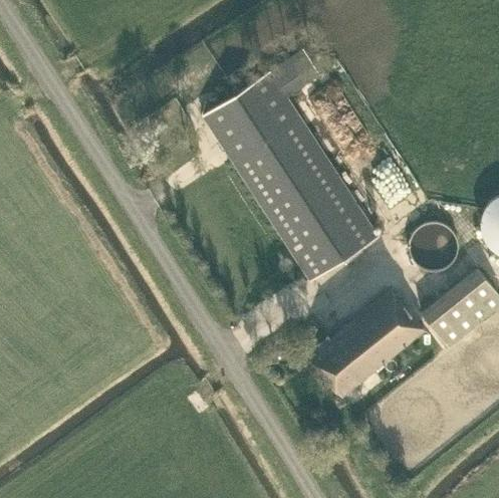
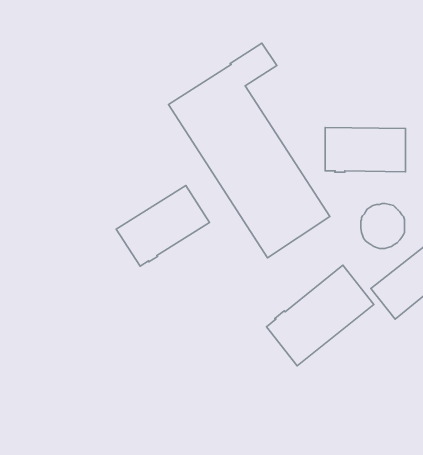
building: none -> [325,127,406,172]
building: none -> [116,185,210,266]

